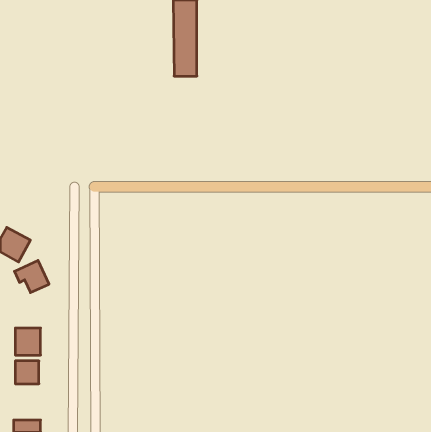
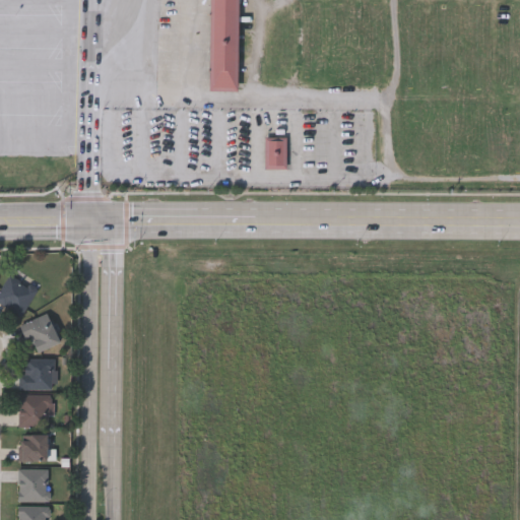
building: none -> [265,138,286,170]
building: none -> [19,358,57,389]
building: none -> [18,468,50,501]

